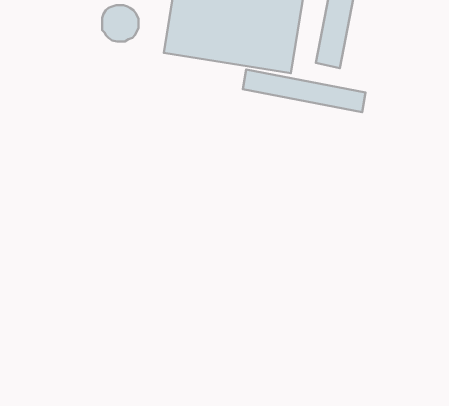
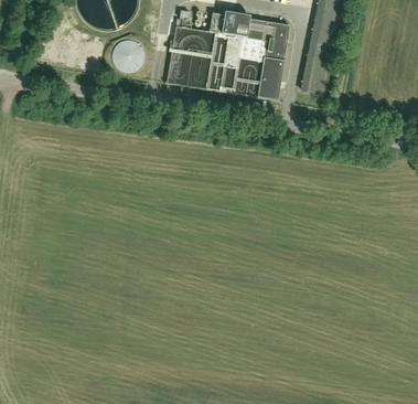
building: [243,69,366,112] -> none

